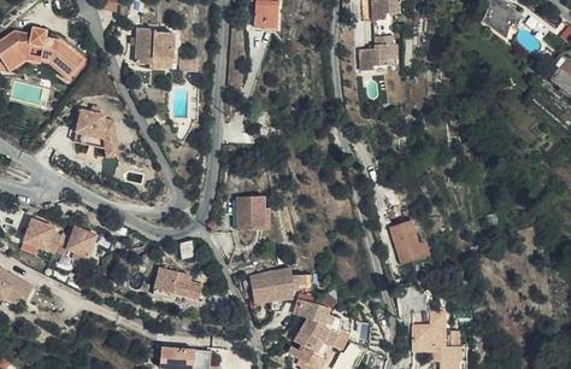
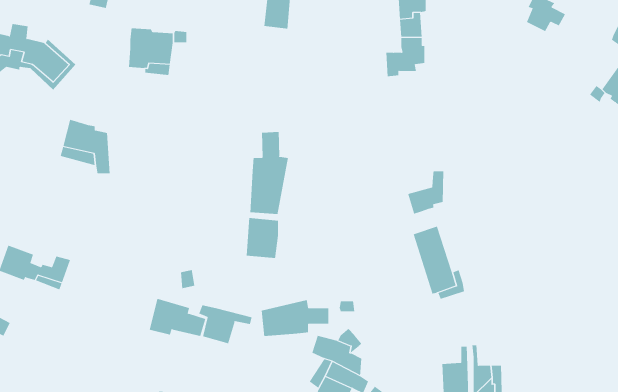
building: none -> [250,131,289,215]
building: none -> [407,170,444,215]
building: none -> [199,304,252,344]

